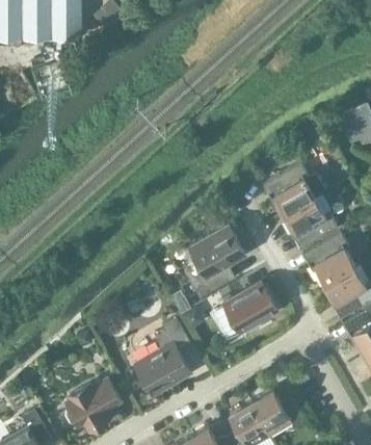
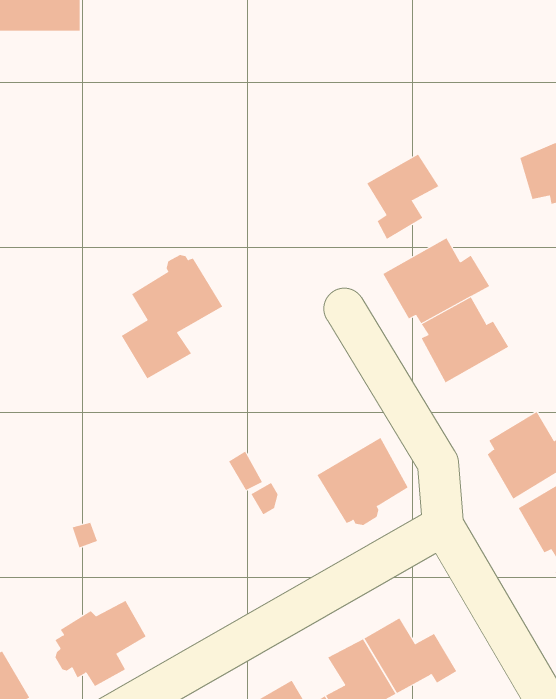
building: none -> [366,154,439,240]
building: [184,225,245,299] -> [121,254,223,379]
building: [302,233,354,285] -> none
building: [134,319,191,396] -> none

